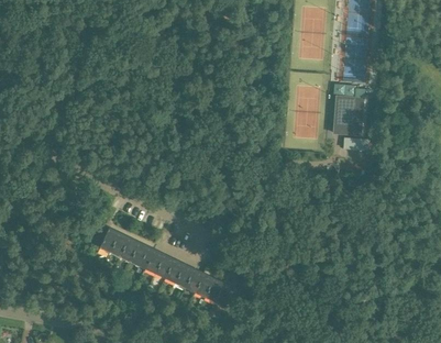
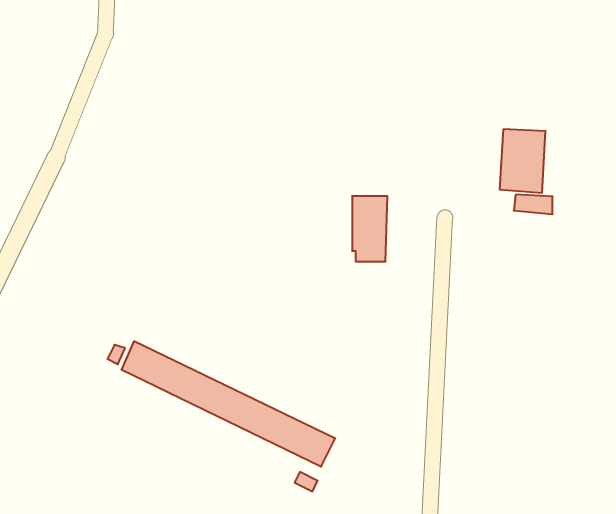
building: [297,86,319,126] -> [352,196,387,261]

